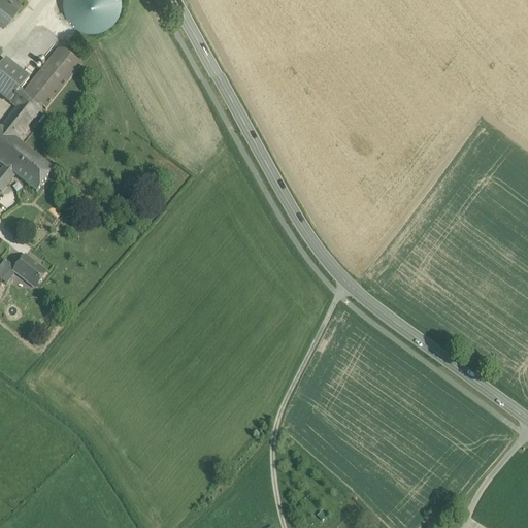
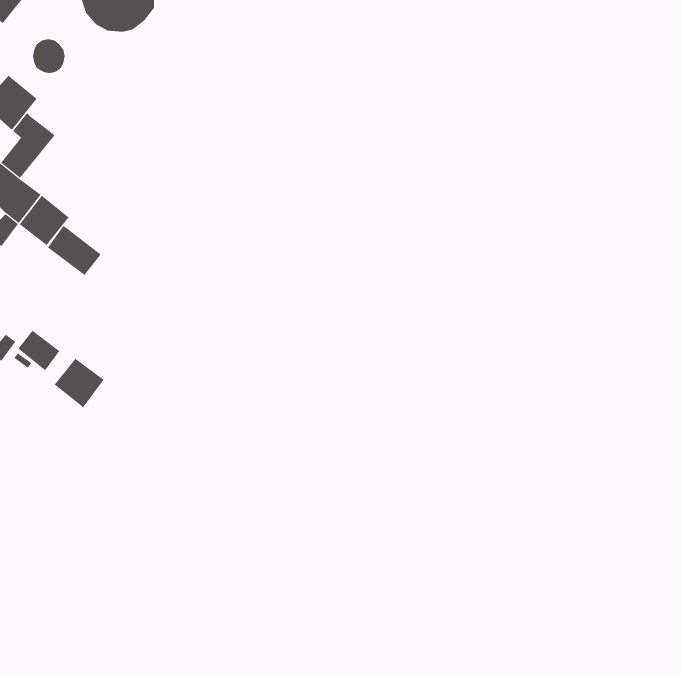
building: [24,44,81,107] -> none
building: none -> [47,225,102,276]
building: none -> [54,358,105,408]

